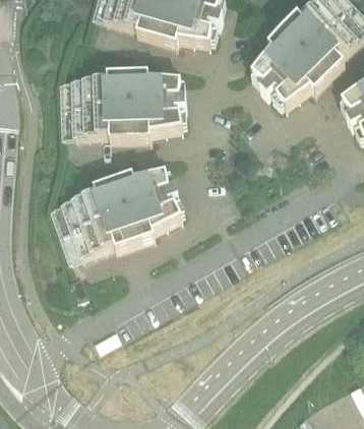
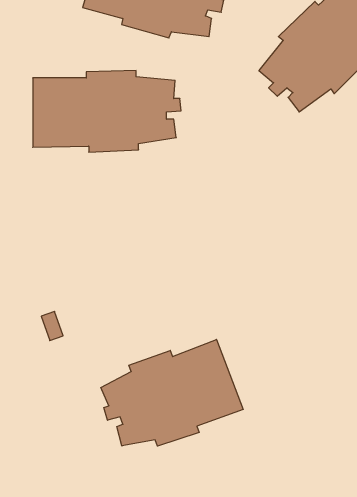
building: [51,167,180,257] -> none
building: none -> [101,339,243,446]

